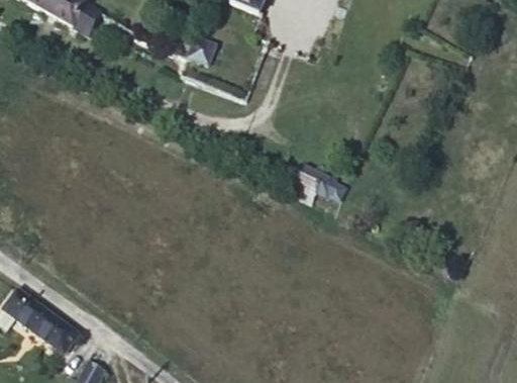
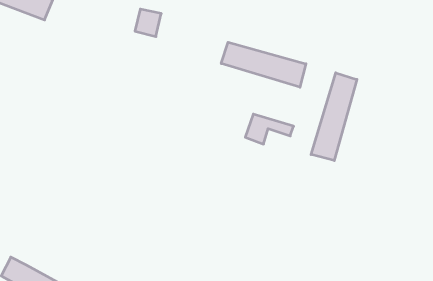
building: none -> [221,42,306,87]
building: none -> [311,73,357,161]

